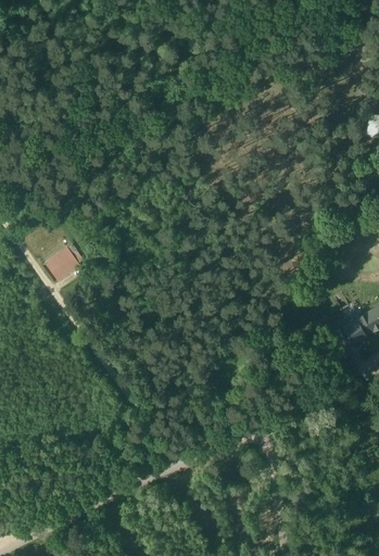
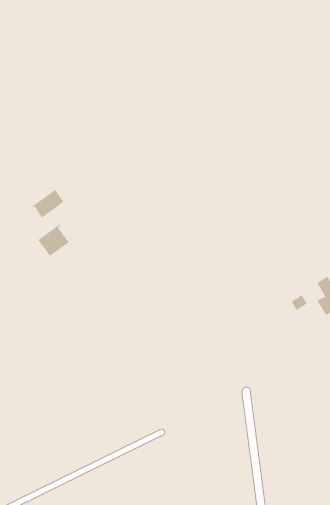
building: none -> [30,189,64,219]

